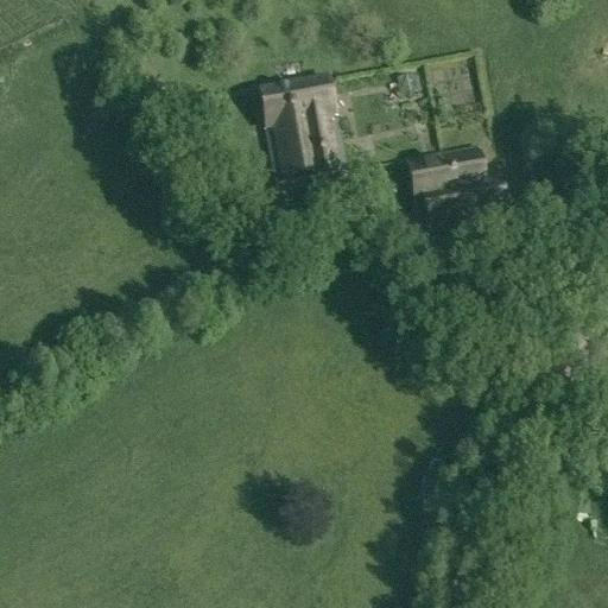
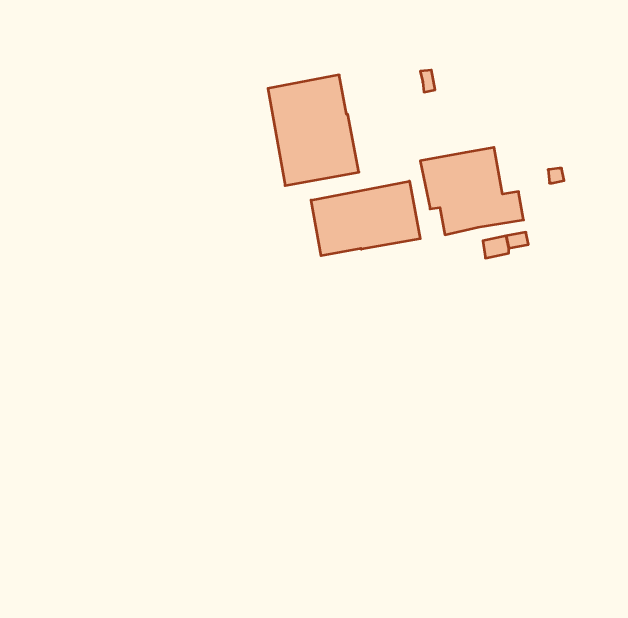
building: none -> [311,181,420,256]

